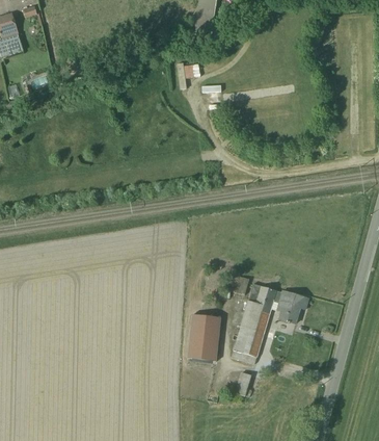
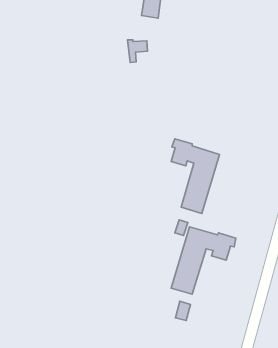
building: none -> [171,139,219,213]
building: [187,313,221,362] -> none

